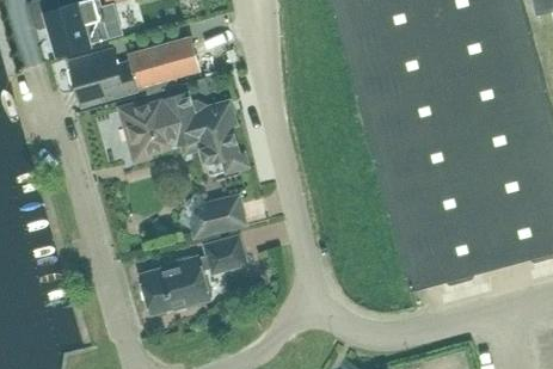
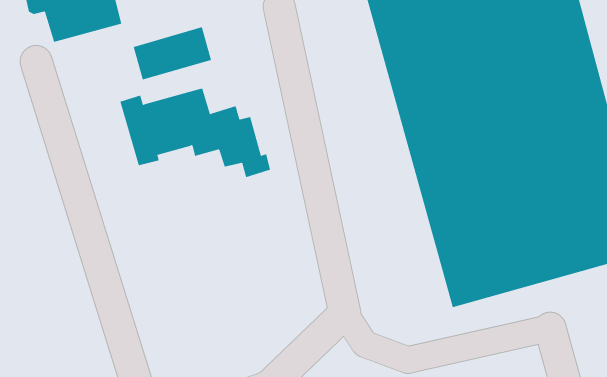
building: [69,48,136,96] -> none
building: [180,196,244,238] -> none
building: [141,238,245,313] -> none

